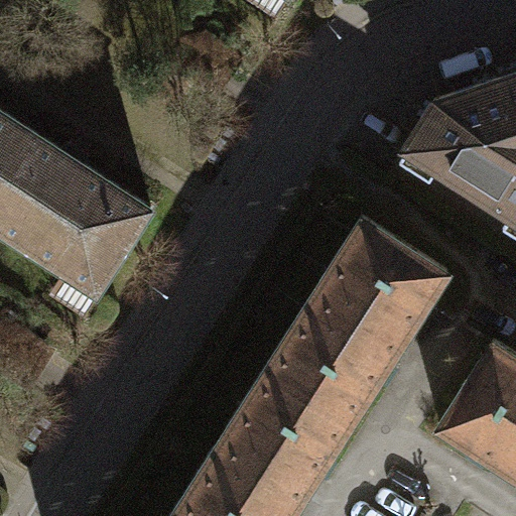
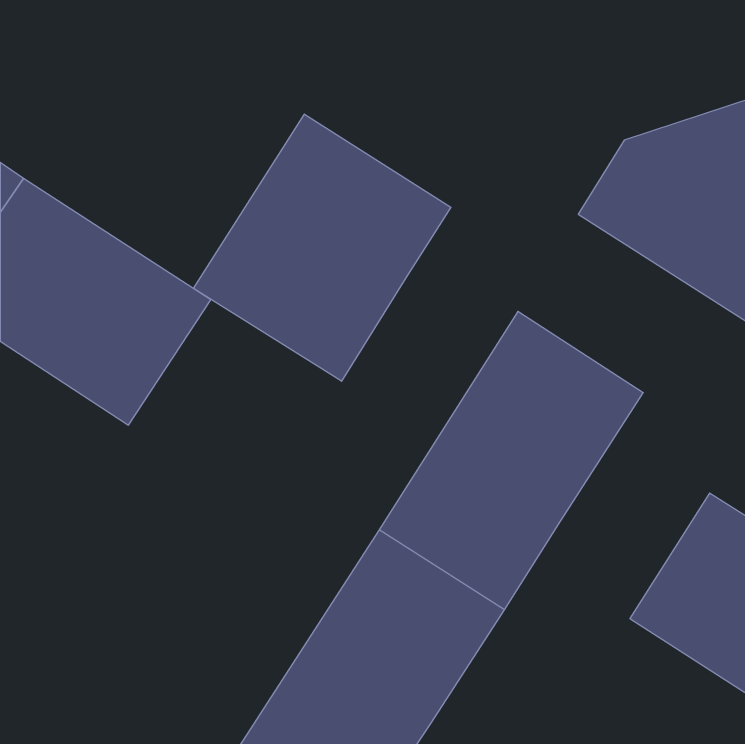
building: none -> [194,114,451,381]

